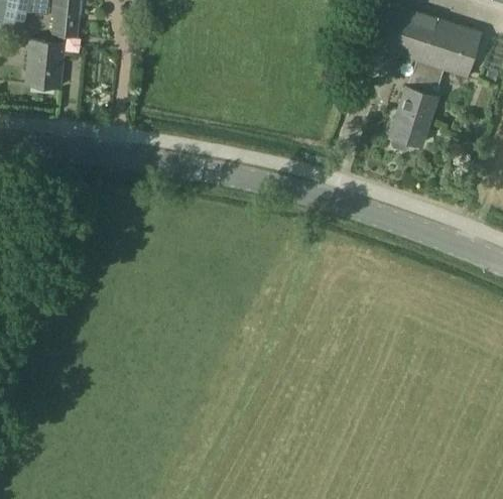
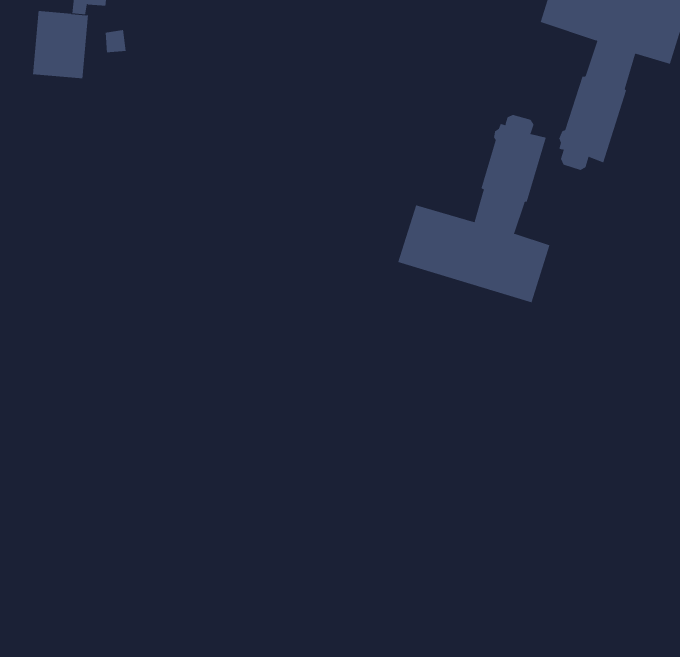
building: none -> [398,114,550,303]

